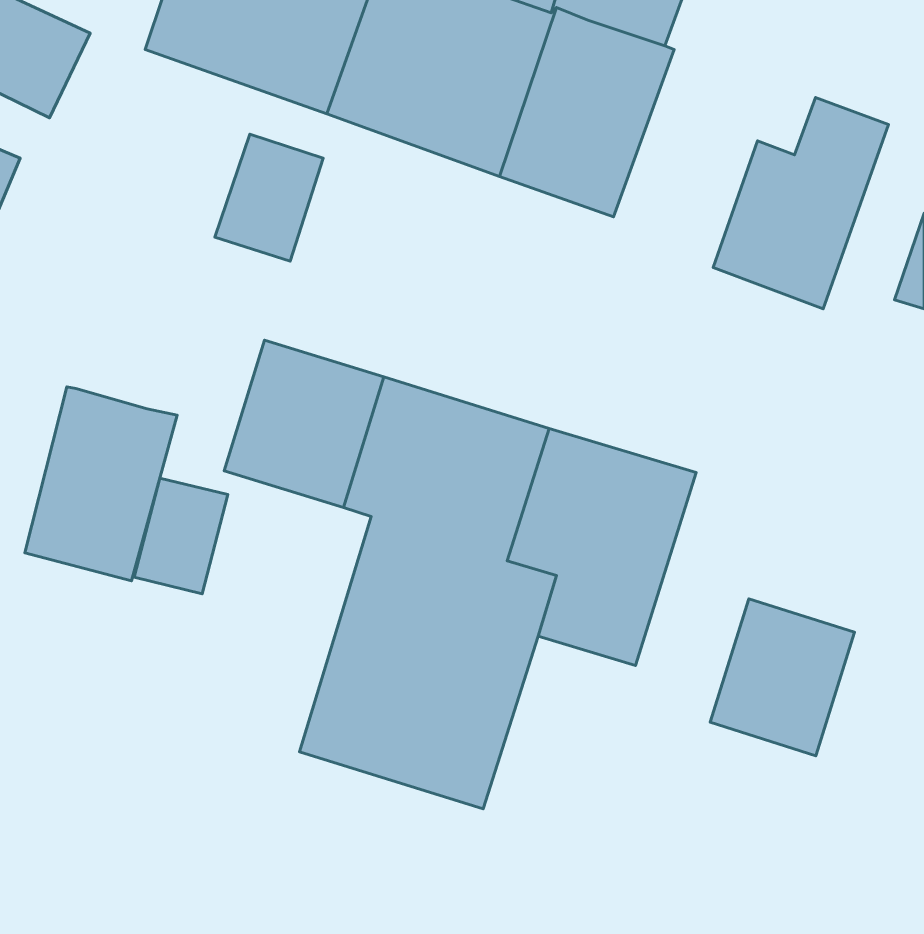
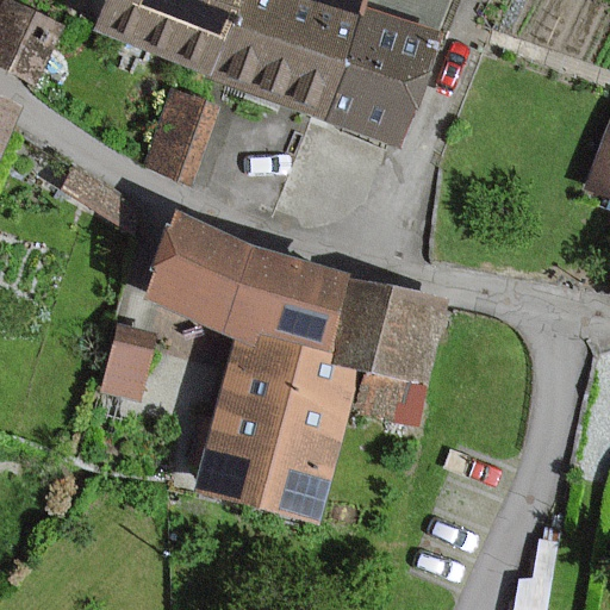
building: [713,97,889,309] -> none
building: [25,387,177,581] -> none
building: [710,599,854,756] -> none

